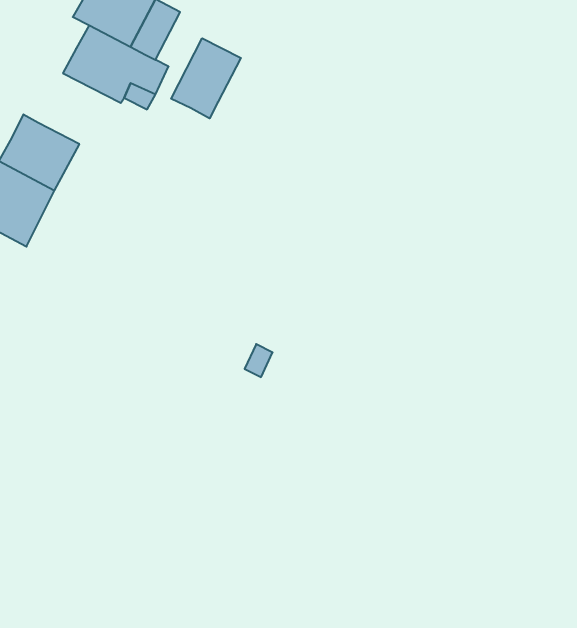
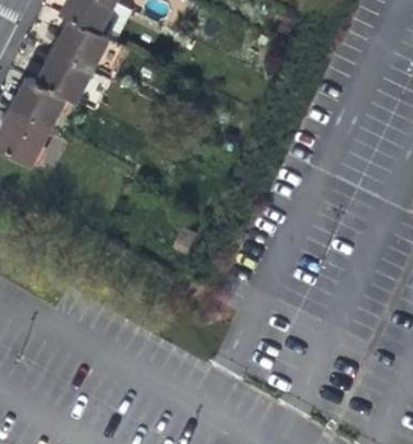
building: [171,38,241,118] -> none
building: none -> [36,50,90,103]

